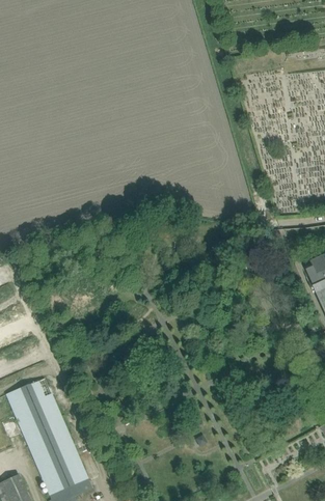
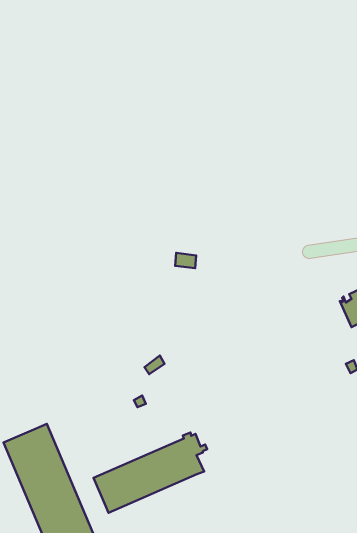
building: none -> [94,433,207,513]

